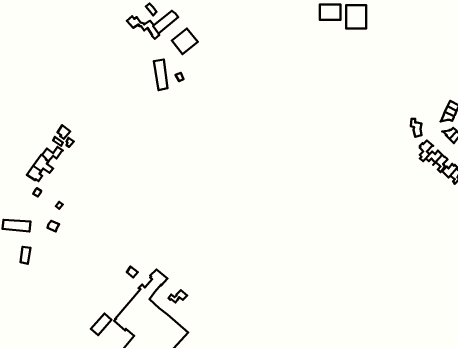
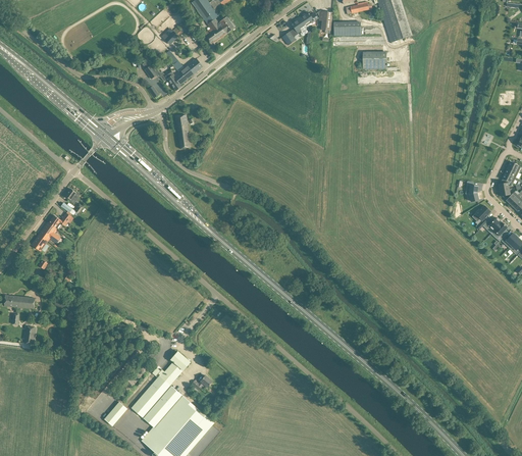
building: [346,5,366,28] -> none
building: [172,28,198,54] -> none

